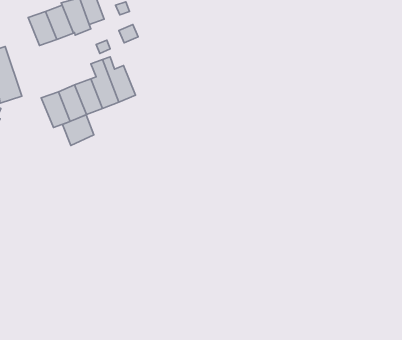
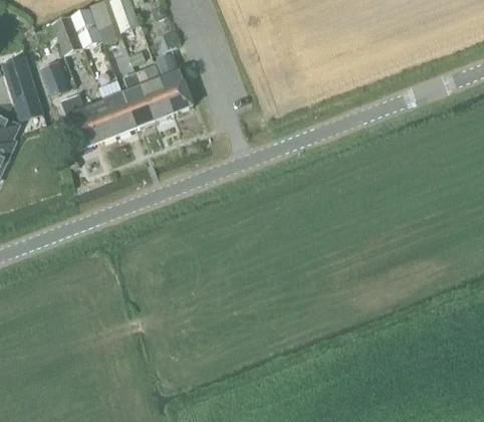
building: none -> [39,59,67,94]
building: none -> [160,63,193,111]
building: [63,115,94,145] -> none

